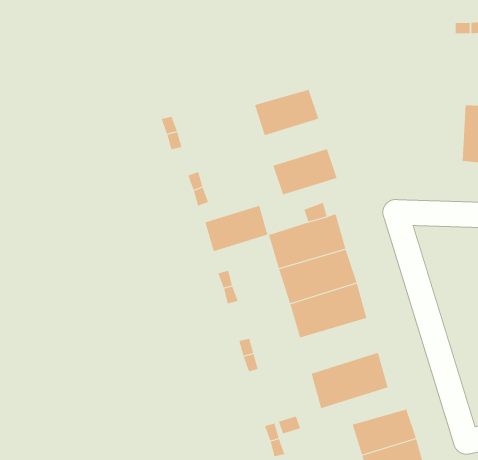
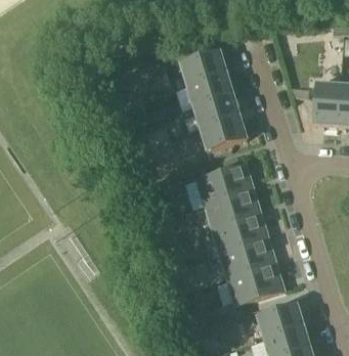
building: none -> [180,50,226,84]
building: none -> [314,82,339,125]
building: [205,205,268,252] -> [193,94,239,128]
building: none -> [219,238,276,278]

